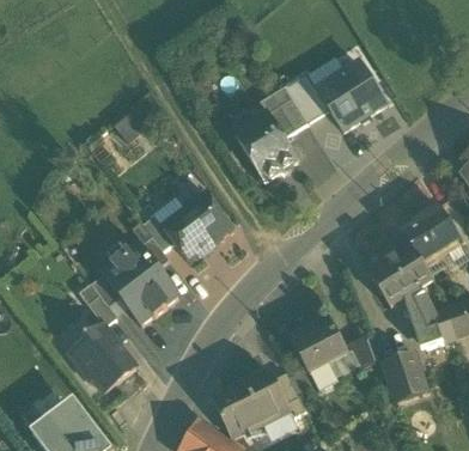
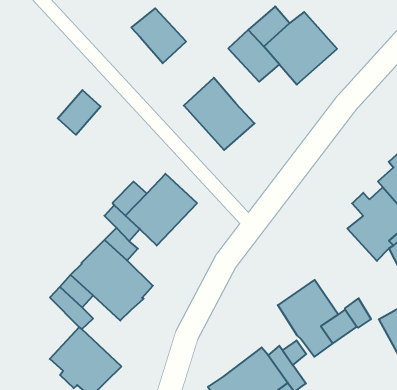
building: [258,85,307,138] -> [131,8,186,63]

